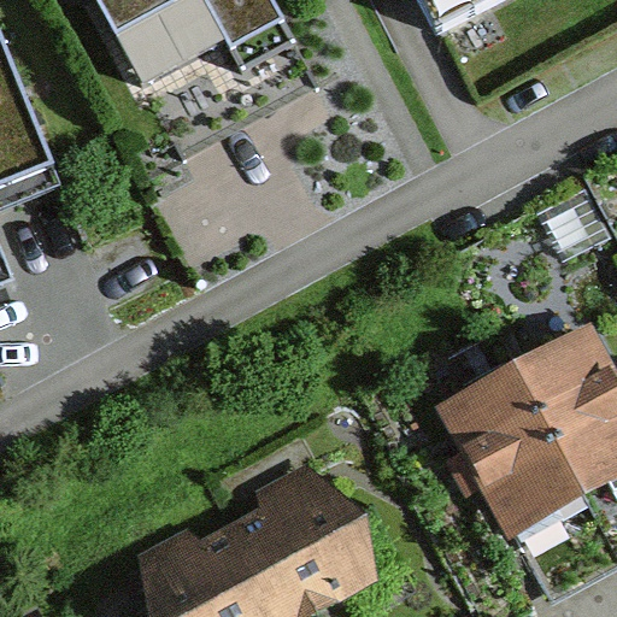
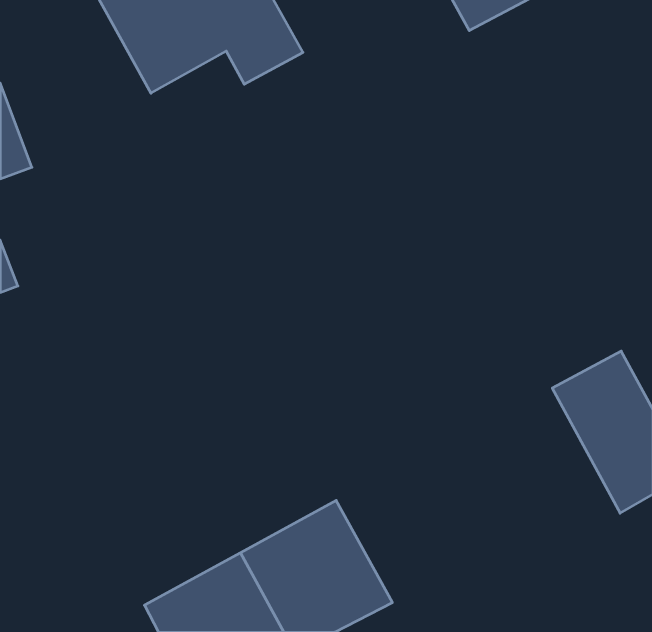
building: [456,366,586,519] -> none

